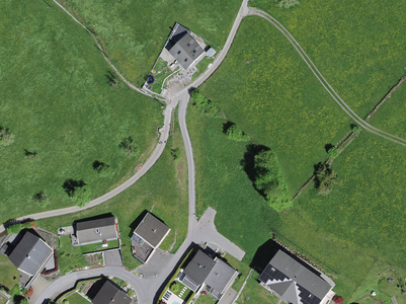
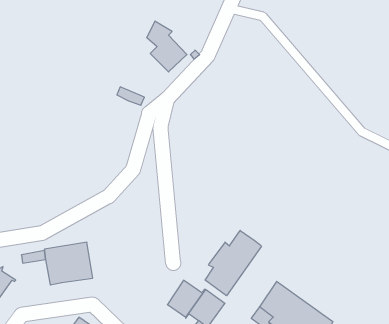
building: none -> [205,230,261,296]
building: [130,212,169,261] -> none

